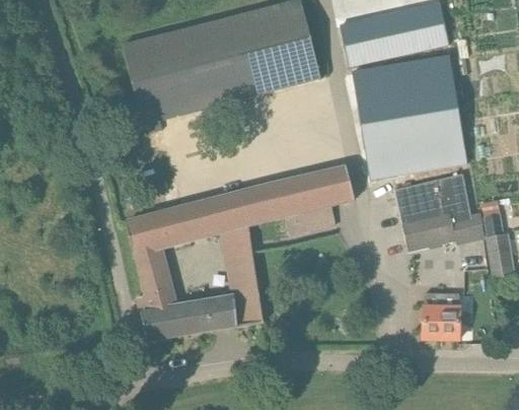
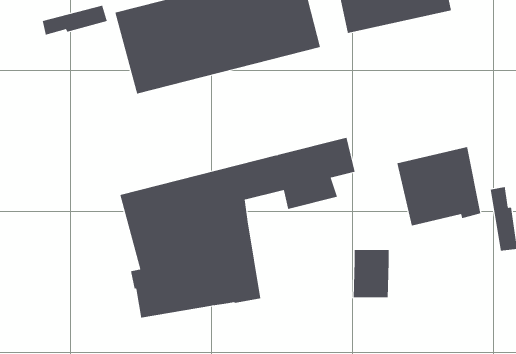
building: none -> [42,5,108,35]
building: [346,56,469,184] -> none
building: [424,291,459,338] -> [353,250,389,298]

